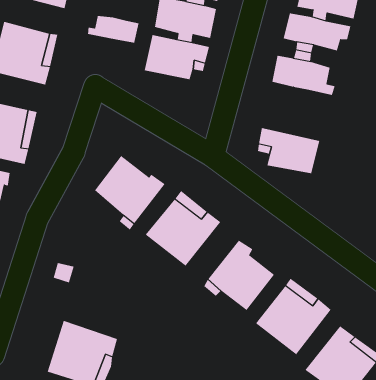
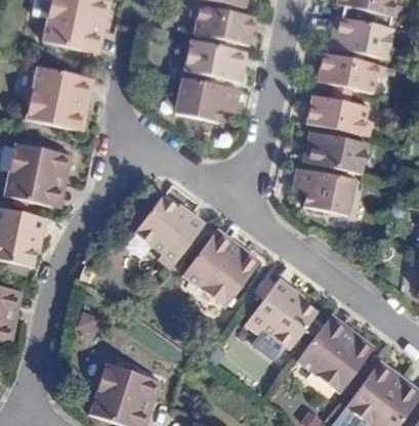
building: [88,15,139,44] -> none
building: none -> [301,129,364,175]

